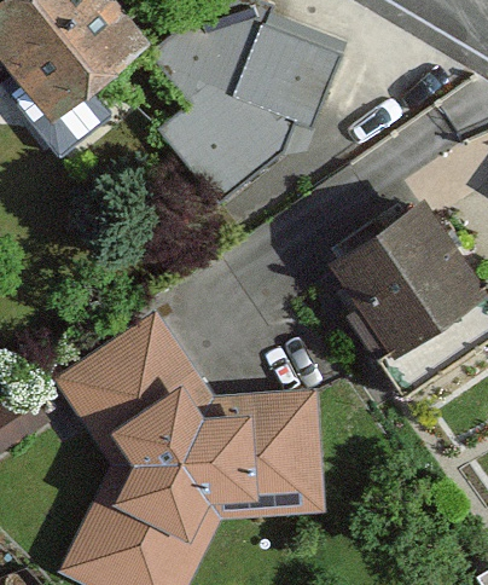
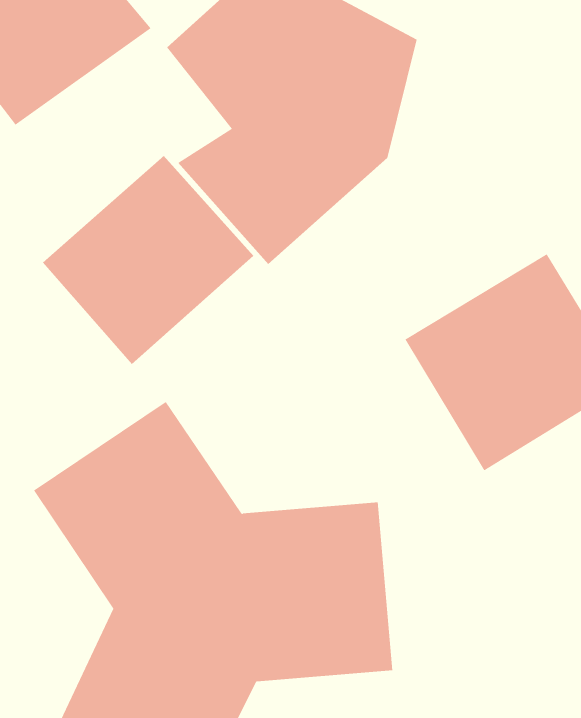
building: none -> [42,155,254,365]

